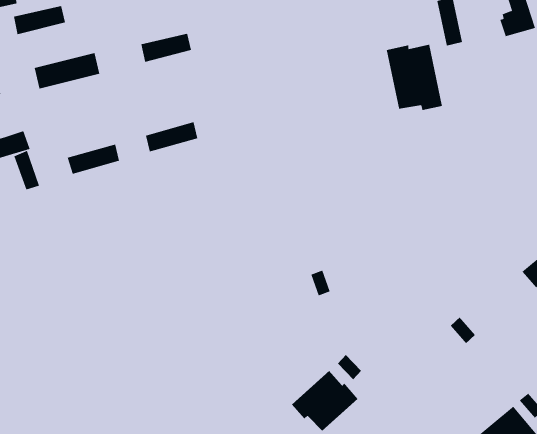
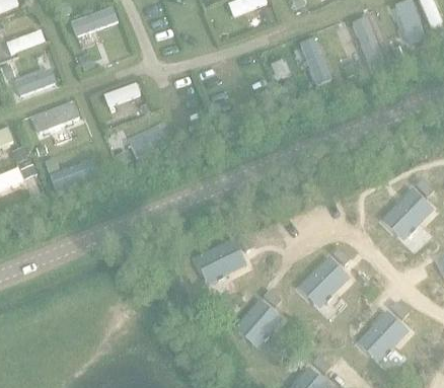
building: [386,44,443,111] -> none
building: none -> [197,239,247,281]
building: none -> [300,257,350,304]

